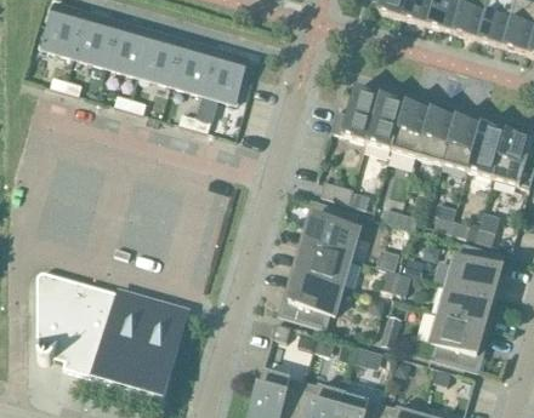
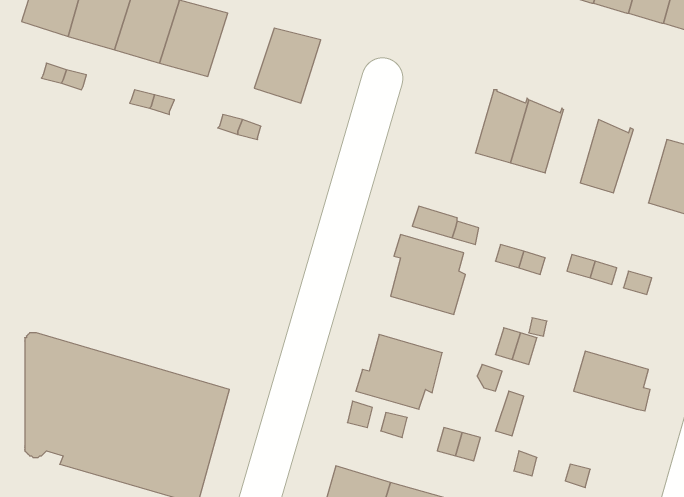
building: [171,39,220,93] -> none
building: [330,87,380,141] -> none
building: [417,109,456,162] -> none
building: [467,124,506,177] -> none
building: [447,244,511,298] -> none
building: [291,245,351,286] -> none
building: [430,314,484,371] -> none

